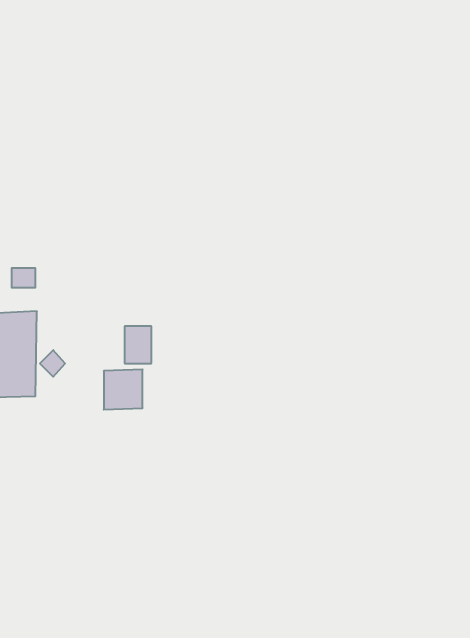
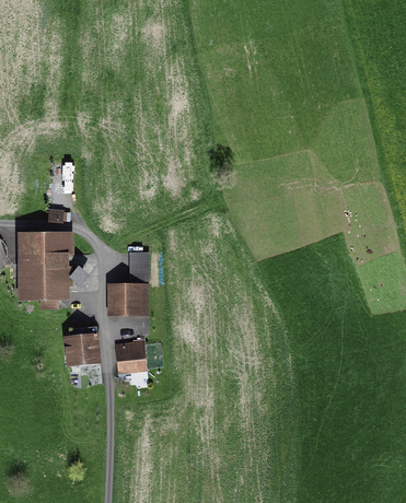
building: none -> [66,330,94,362]
building: none -> [116,341,146,375]

